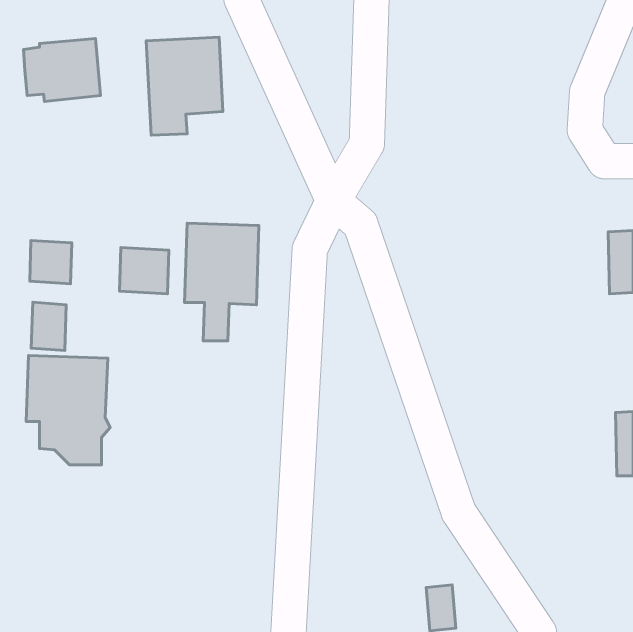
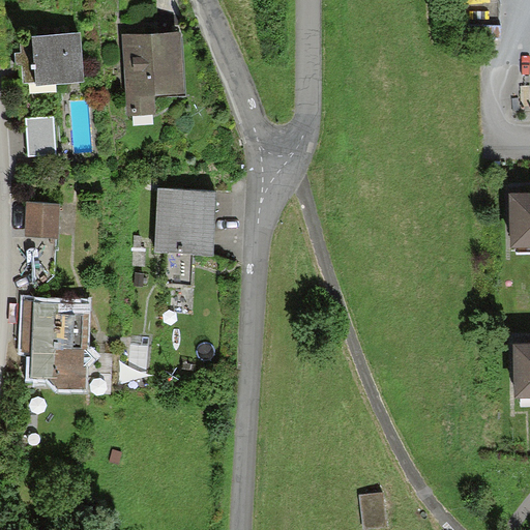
building: none -> [25,115,56,157]
building: [120,247,169,294] -> none
building: [31,302,66,351] -> none

